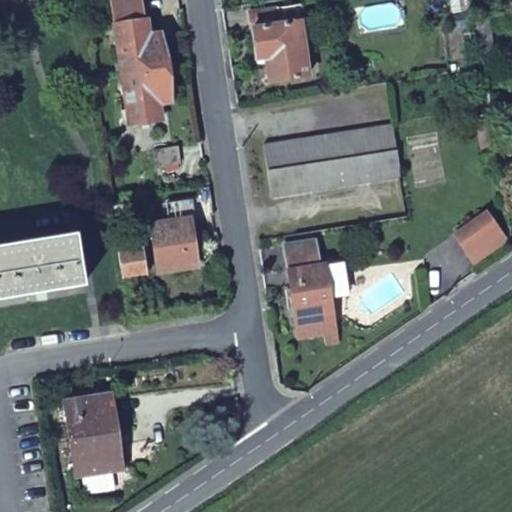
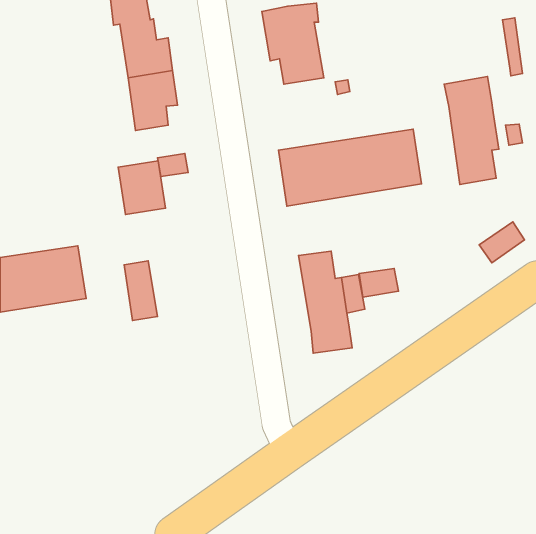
building: none -> [444,77,499,185]
building: [152,218,197,269] -> [118,161,166,214]
building: none -> [359,268,398,297]
building: [67,393,120,473] -> none

